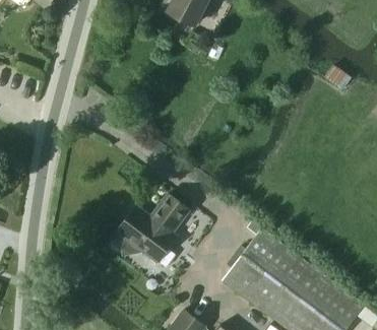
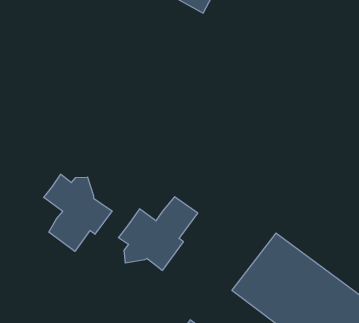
building: none -> [44,174,112,251]

